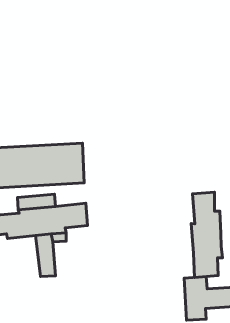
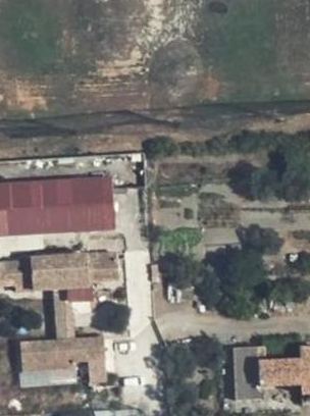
building: [191,192,223,277] -> none
building: none -> [23,340,106,375]

